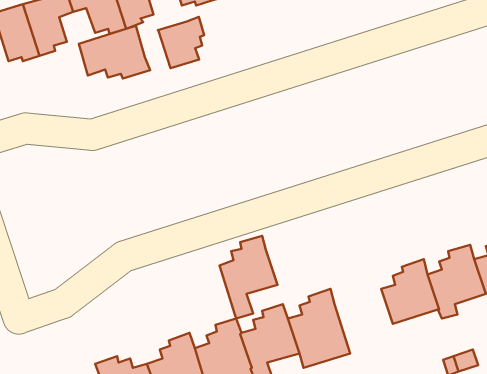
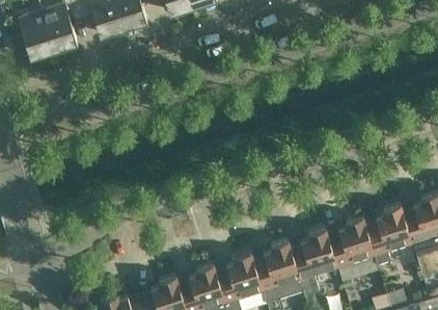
building: [158,17,204,68] -> none
building: [79,25,150,78] -> none
building: [219,236,278,319] -> [292,229,338,295]

